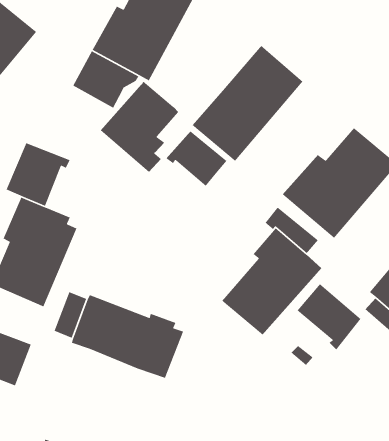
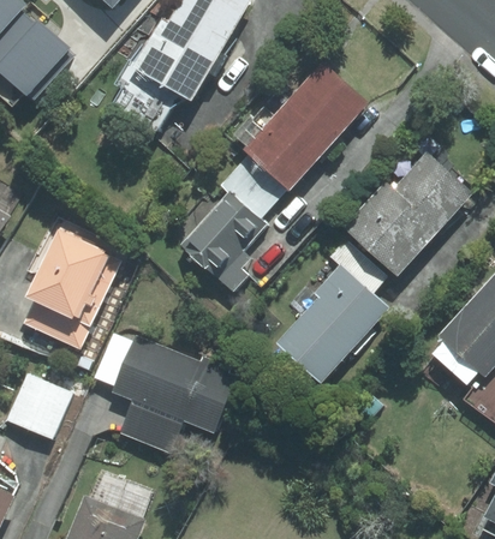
building: [100,81,179,173] -> [178,188,266,291]
building: [5,142,71,207] -> none
building: [296,283,362,350] -> none
building: none -> [117,397,184,454]

